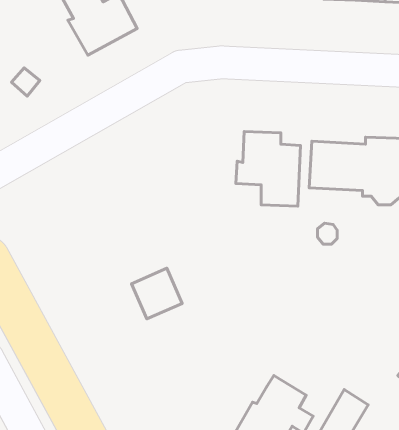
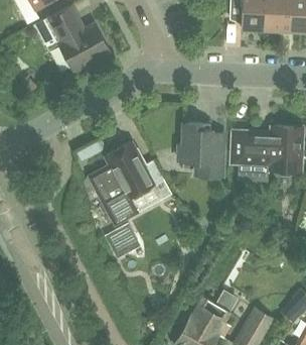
building: none -> [90,142,172,225]

